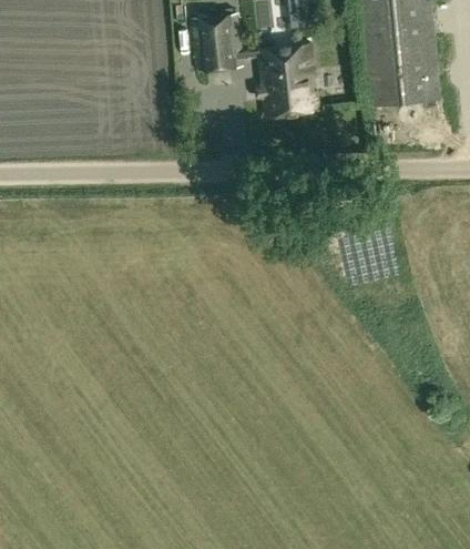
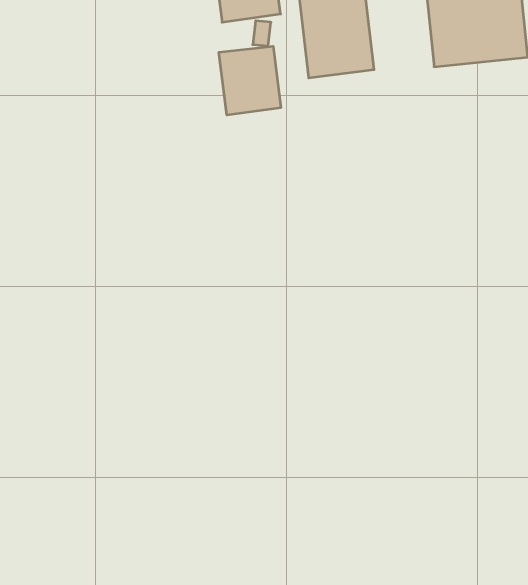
building: none -> [219,46,281,115]

